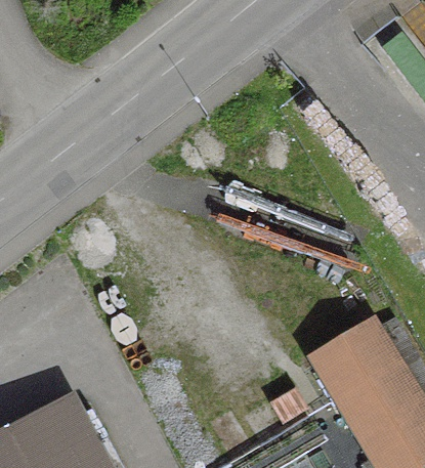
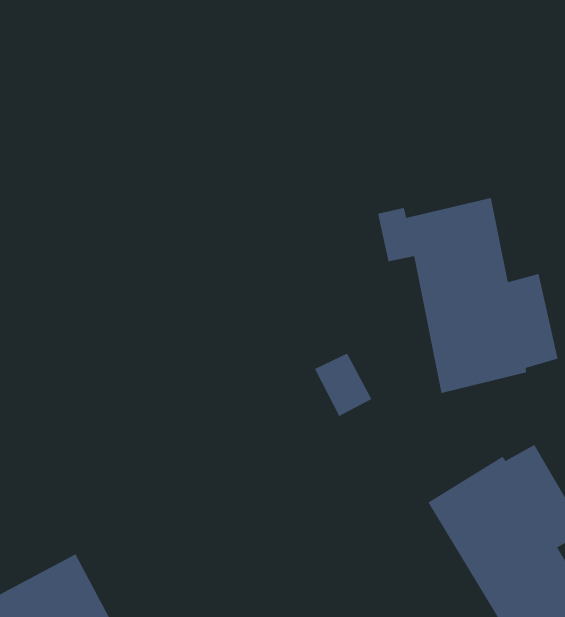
building: none -> [378,197,558,394]

